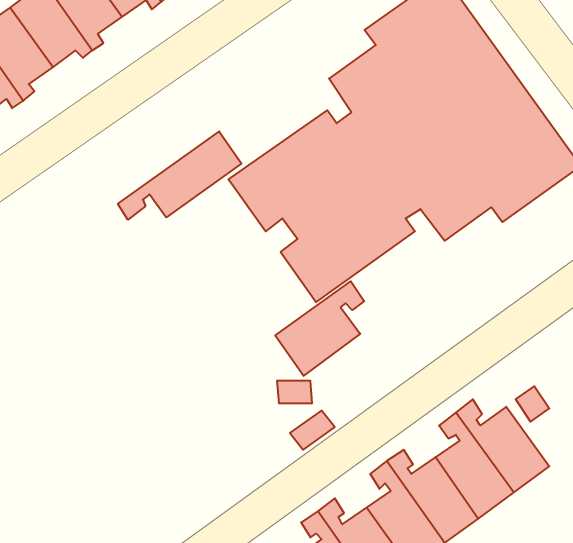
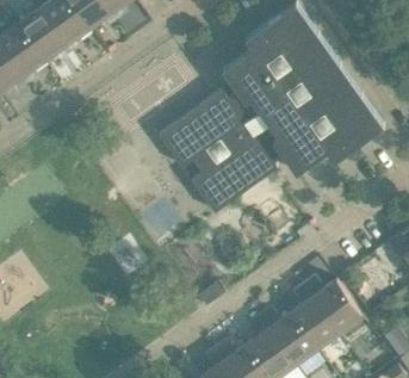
building: [118,131,241,220] -> none
building: [275,281,364,376] -> none

